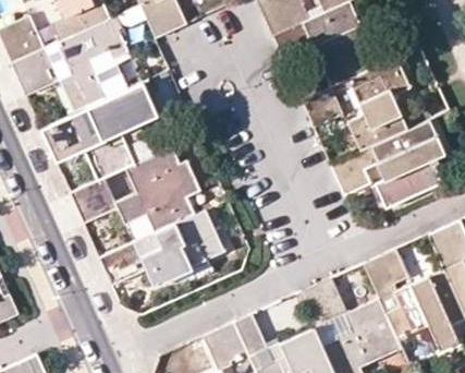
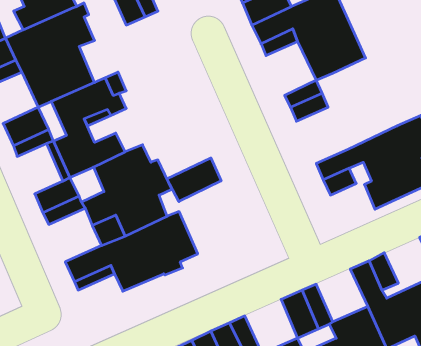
building: [347,60,409,154] -> none
building: none -> [167,158,221,202]

